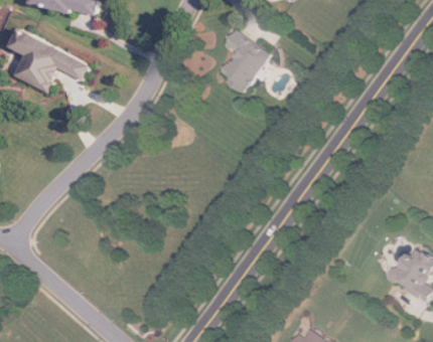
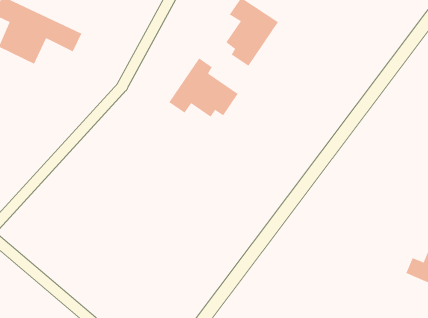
building: none -> [168,57,239,118]

